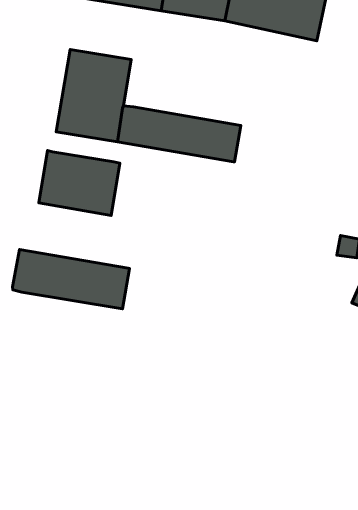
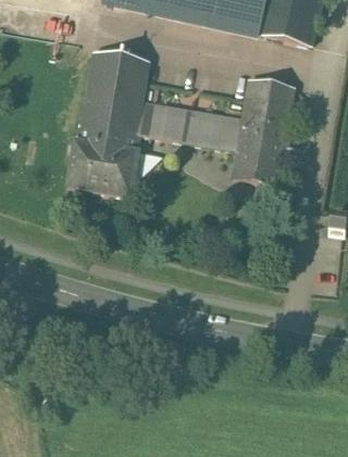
building: none -> [233,77,293,182]
building: none -> [79,123,136,149]
building: [12,250,129,309] -> none

